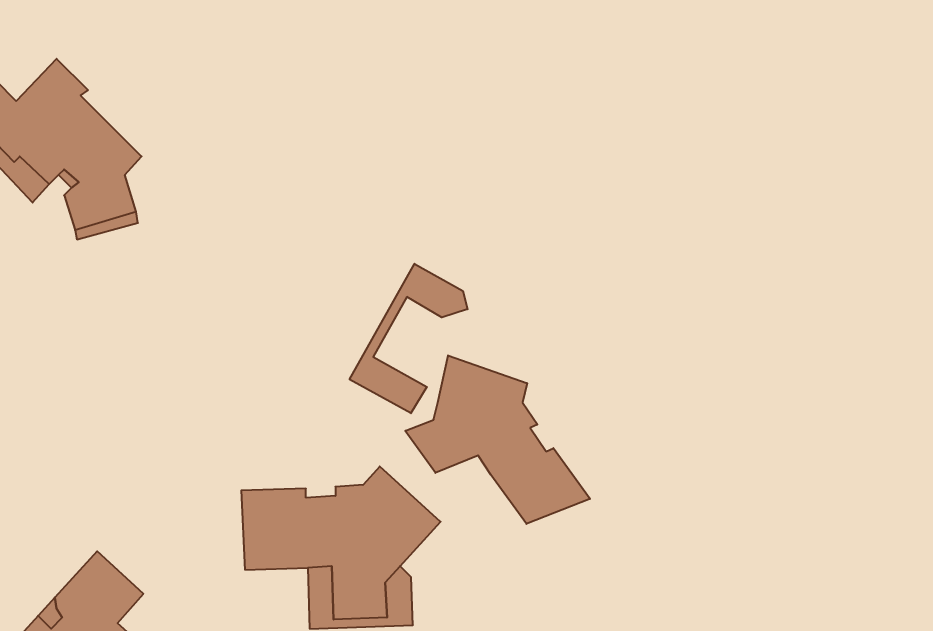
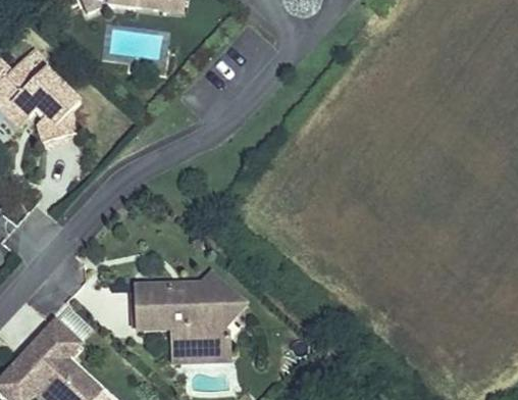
building: [350,264,468,413] -> none
building: [405,355,590,524] -> none

